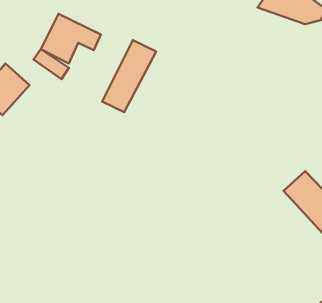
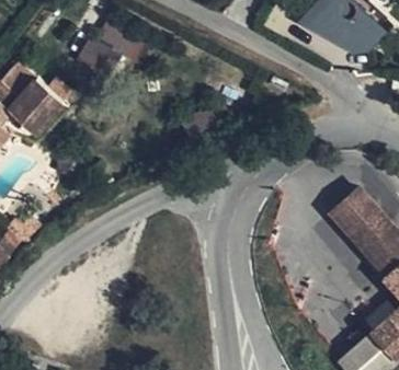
building: [102,40,156,112] -> none

